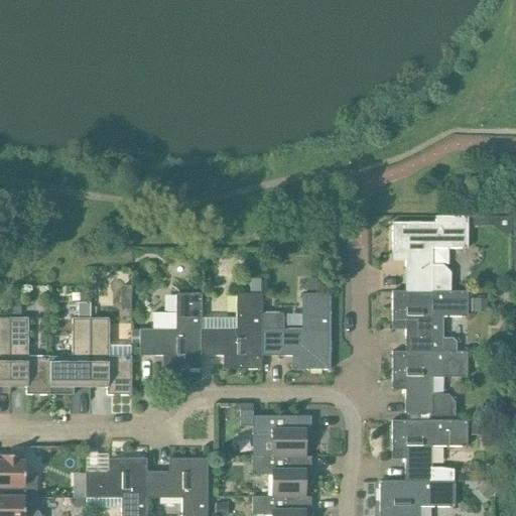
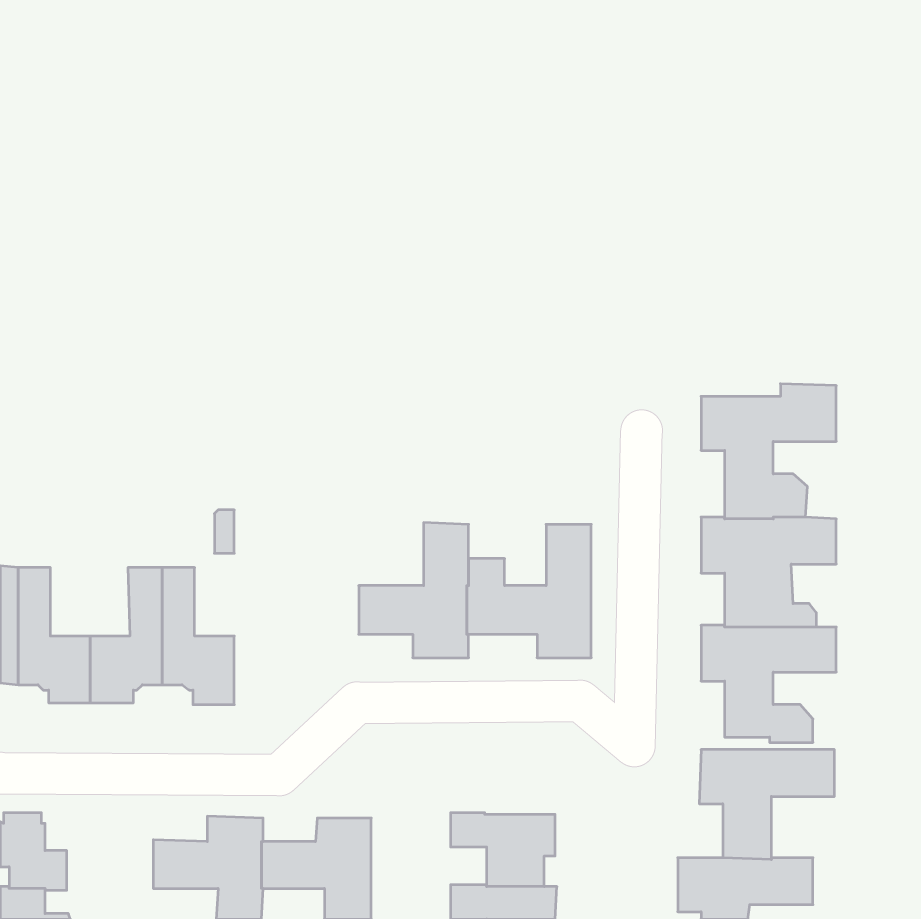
building: [140,292,202,368] -> none
building: [239,409,311,456] -> none

